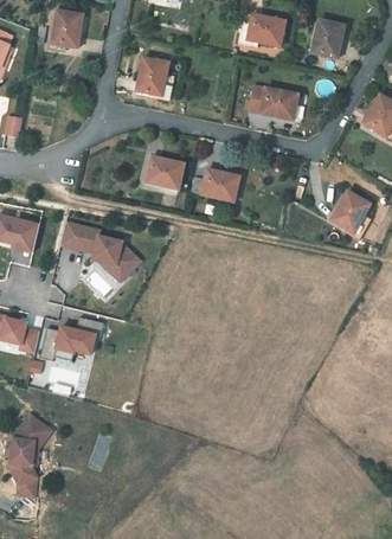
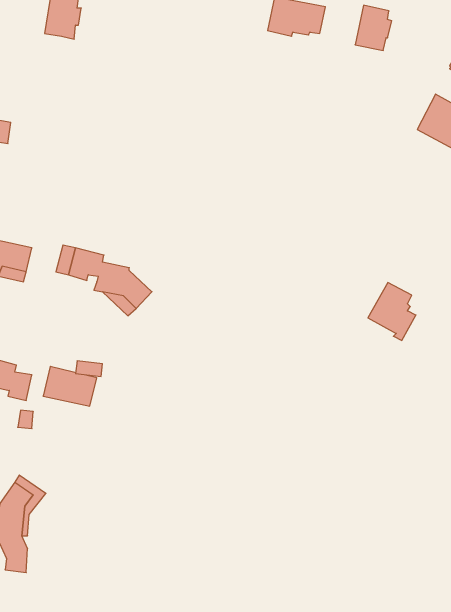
building: [135,58,173,101] -> none
building: [259,88,297,118] -> none
building: [144,156,182,188] -> none
building: [191,168,239,200] -> none
building: [329,191,369,239] -> [368,283,416,340]

